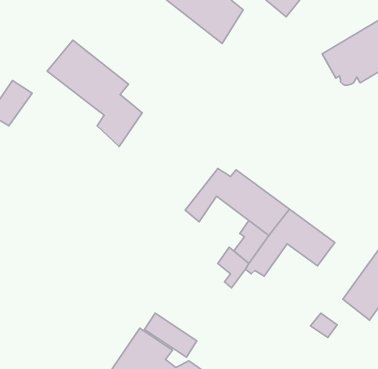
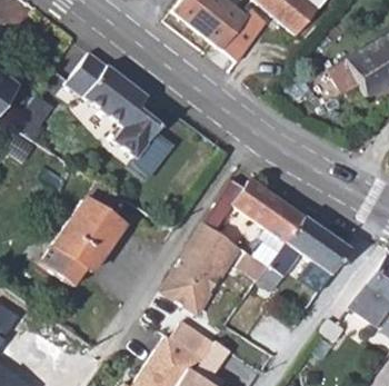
building: none -> [43,199,124,285]
building: none -> [156,219,238,314]

